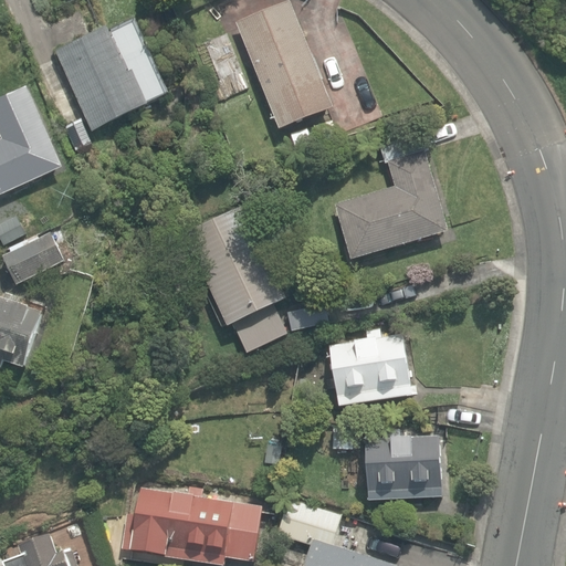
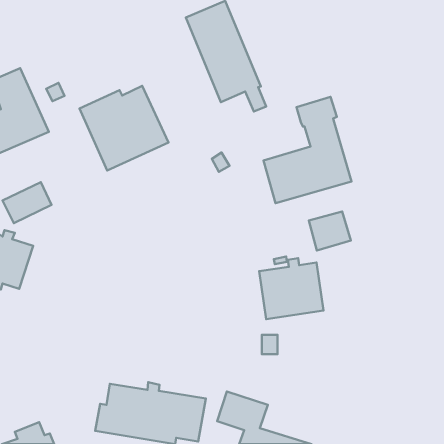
building: [55,23,168,130] -> [79,86,168,170]
building: [184,207,285,353] -> none
building: none -> [309,211,351,250]
building: [364,428,440,499] -> none

